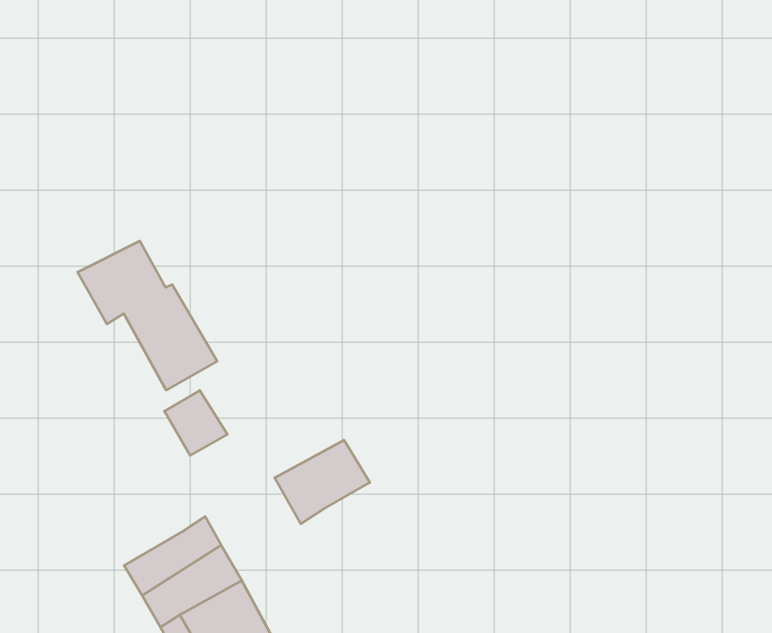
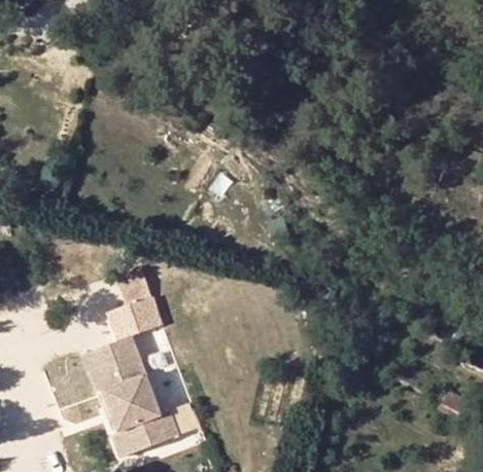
building: [78,241,217,390] -> none
building: [275,440,370,524] -> [108,301,159,342]

